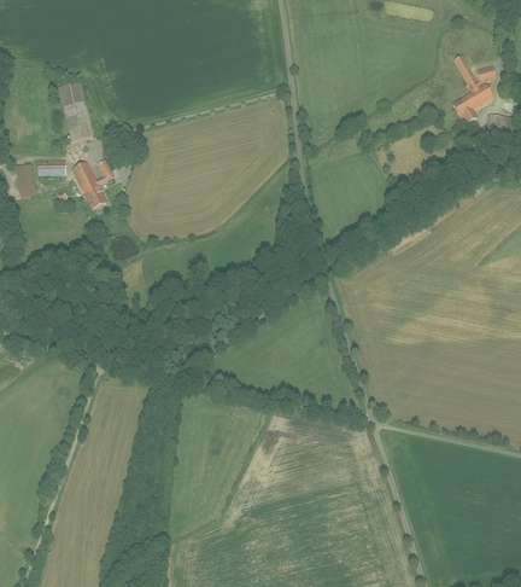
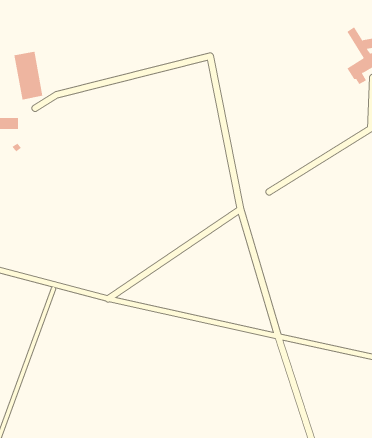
building: [72,159,115,209] -> none

